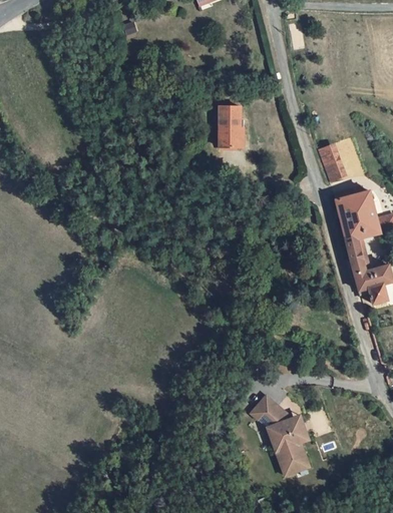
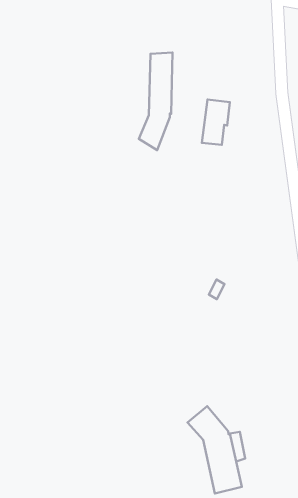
building: none -> [139,53,173,150]

